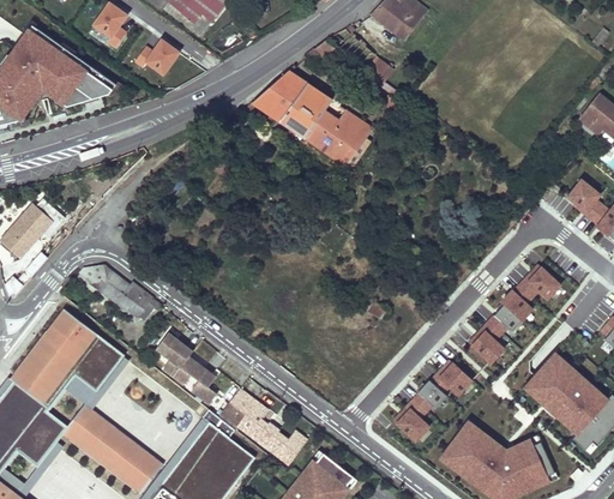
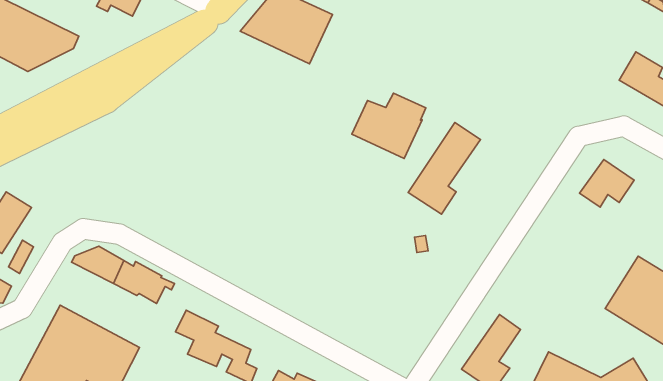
building: [305,112,371,168] -> [352,93,426,158]
building: [465,288,534,363] -> [408,122,480,214]
building: [433,356,474,396] -> none

